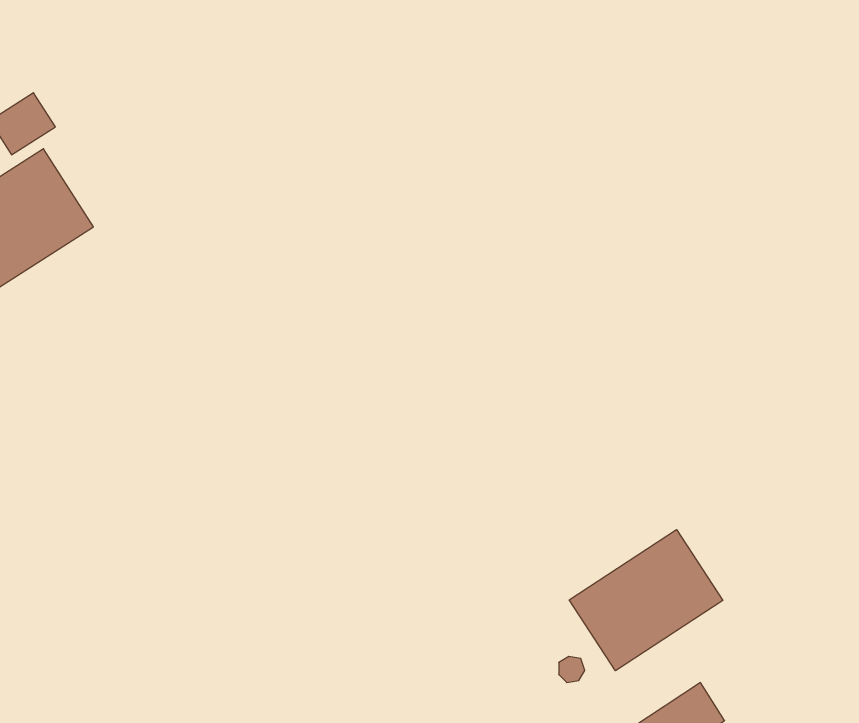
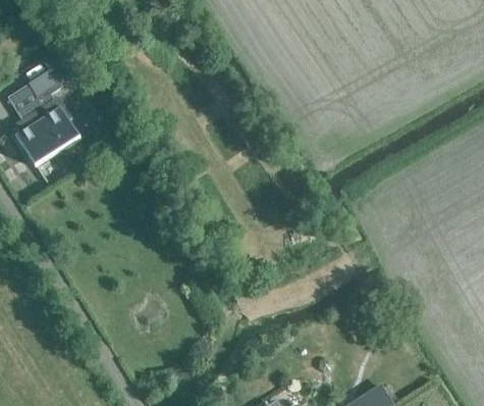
building: [569,530,723,671] -> none

